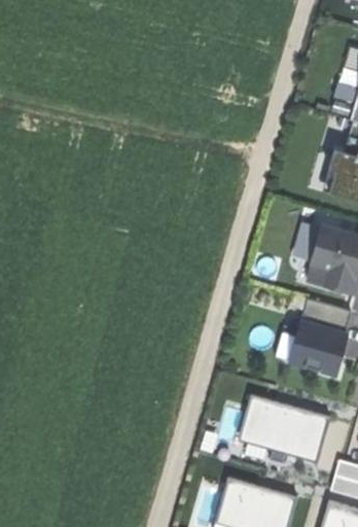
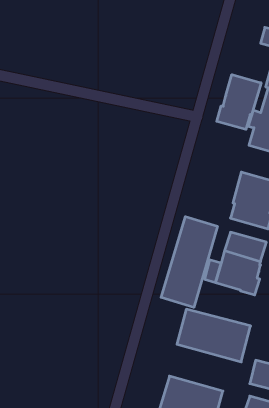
building: none -> [217,75,261,129]
building: none -> [161,217,217,307]

